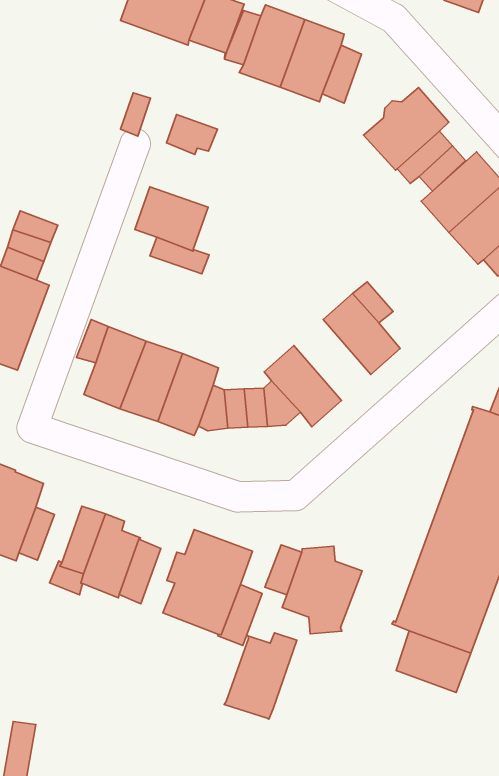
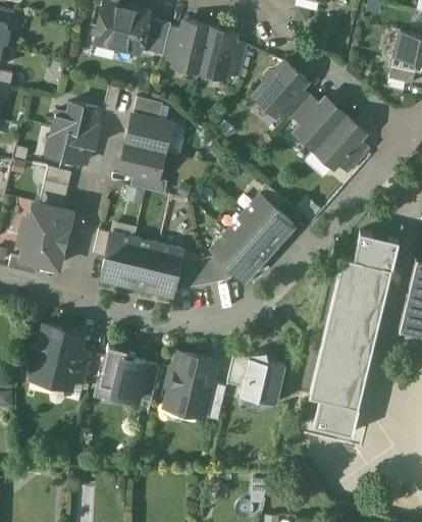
building: none -> [47,103,98,164]
building: none -> [125,116,170,153]
building: none -> [226,214,276,263]
building: [224,633,297,719] -> none

